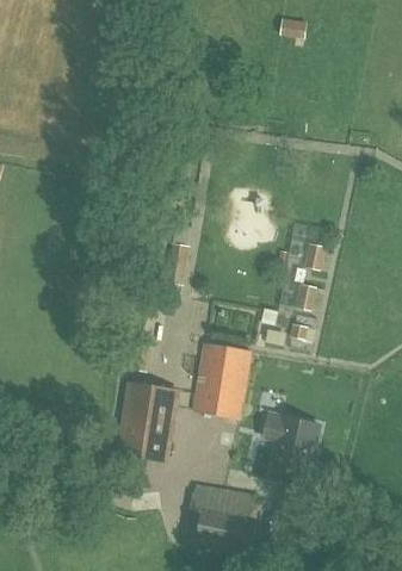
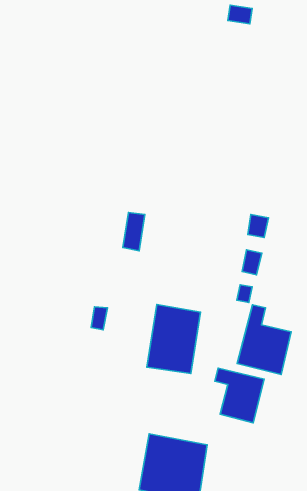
building: none -> [237,305,291,374]
building: [116,381,175,460] -> none

